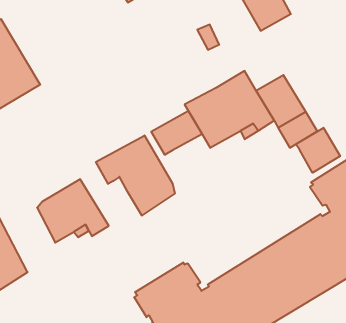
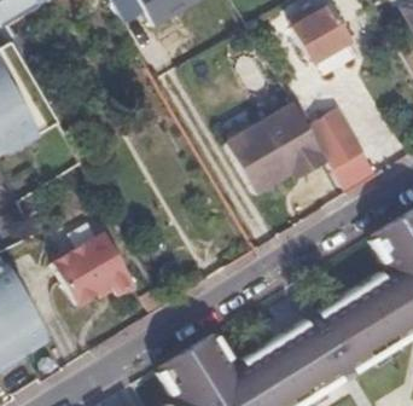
building: [151,111,202,155] -> none
building: [296,128,340,173] -> none
building: [96,135,175,216] -> none

